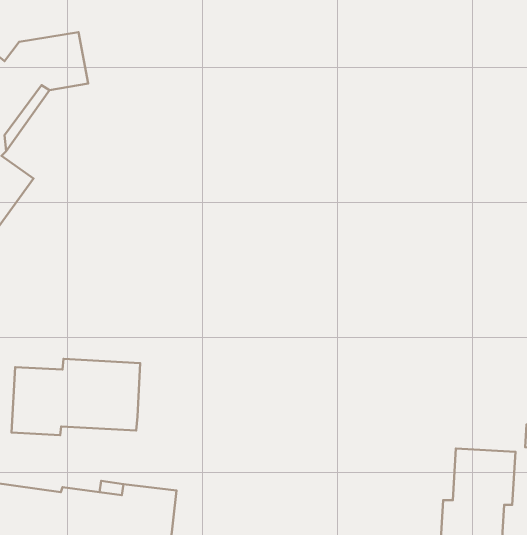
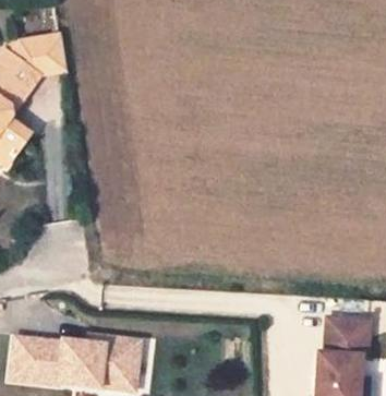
building: [11,359,140,435] -> none

